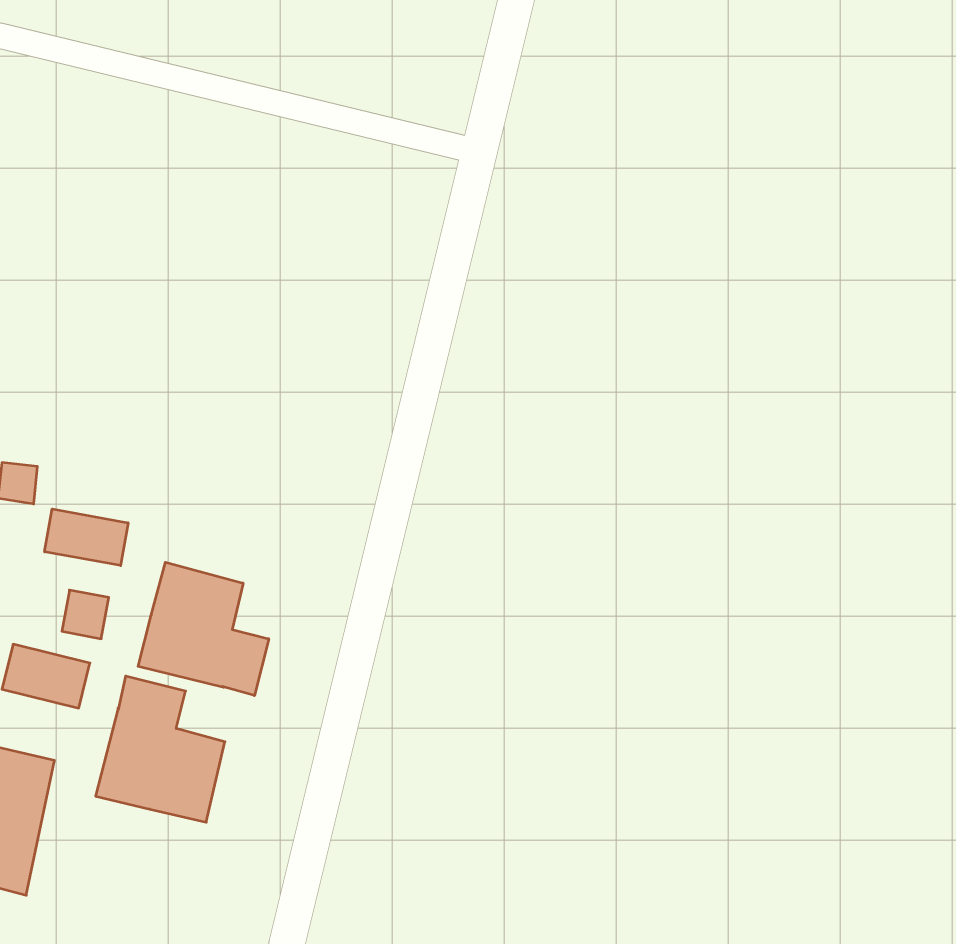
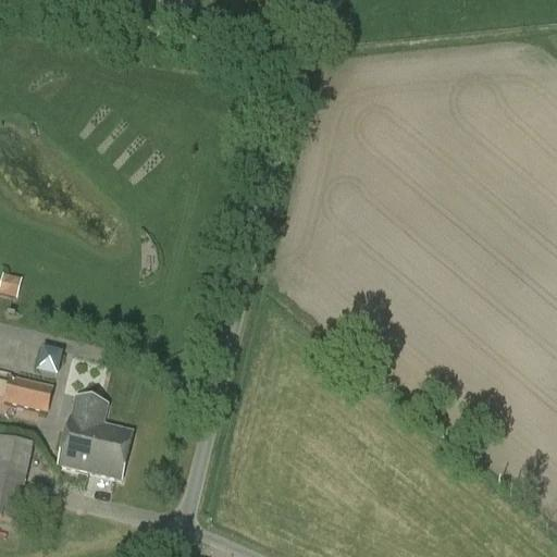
building: [45,509,128,566] -> none
building: [138,562,269,696] -> none

